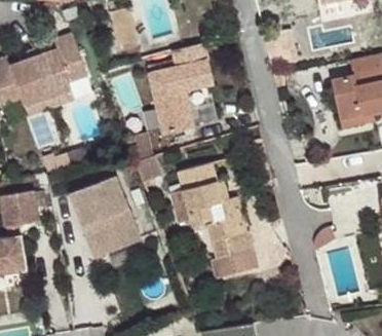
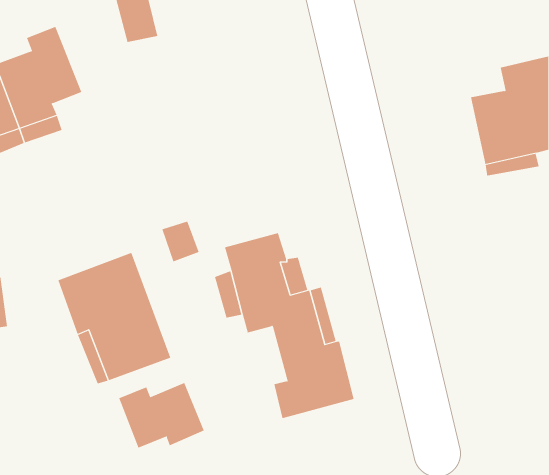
building: [143,41,209,134] -> none
building: none -> [118,382,204,448]

